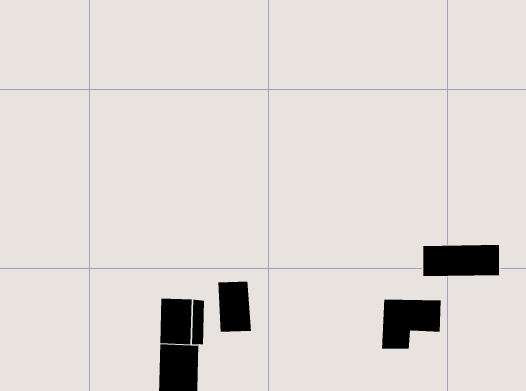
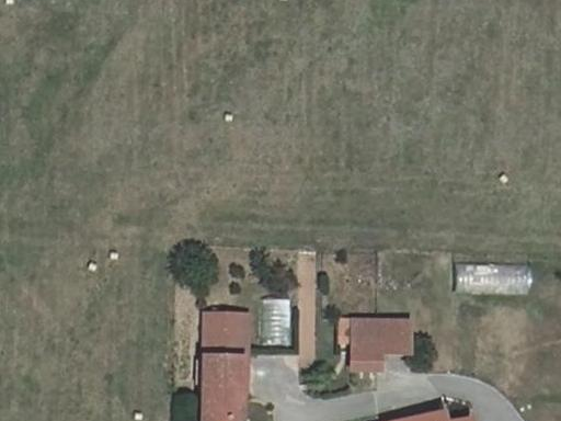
building: [381,299,442,349] -> [352,321,410,369]

